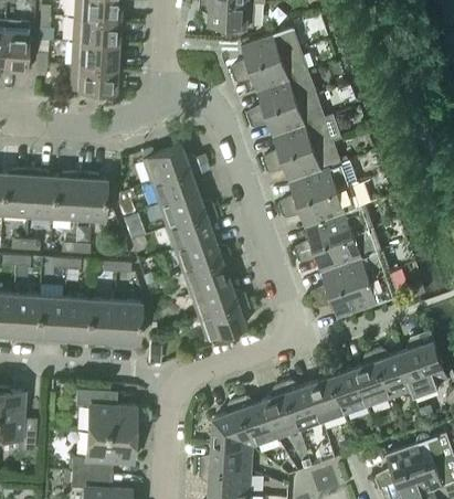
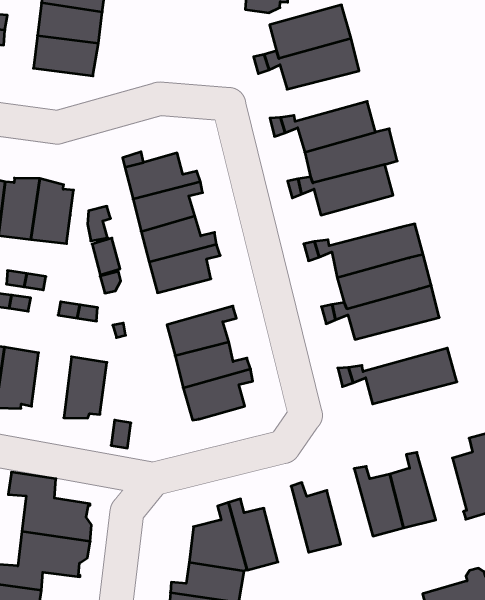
building: [257,75,317,116] -> none
building: [289,161,359,205] -> none
building: [173,236,230,273] -> none
building: [321,252,390,296] -> none
building: [87,300,114,347] -> none
building: [373,349,413,401] -> none
building: [309,368,346,424] -> none
building: [264,384,299,440] -> none

